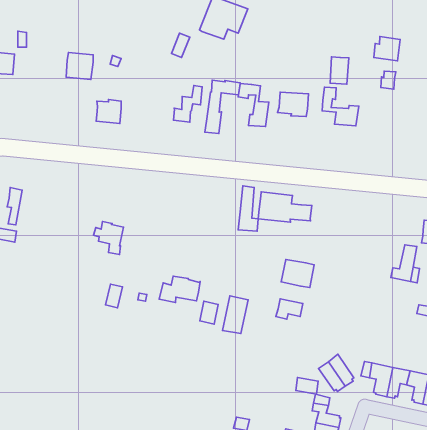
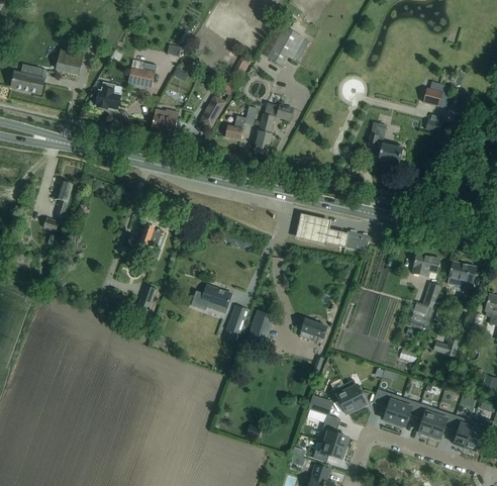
building: [330,57,349,84] -> none
building: none -> [199,95,226,128]
building: none -> [95,83,120,110]
building: [238,84,269,126] -> none
building: [277,92,309,116] -> none
building: [238,186,258,231] -> none
building: none -> [343,230,370,250]
building: none -> [412,254,439,277]
building: [281,259,314,288] -> none

